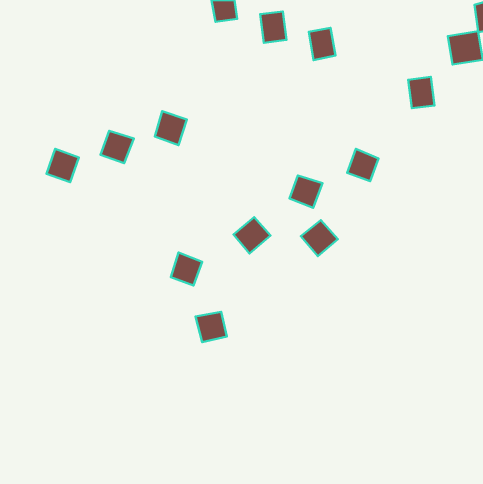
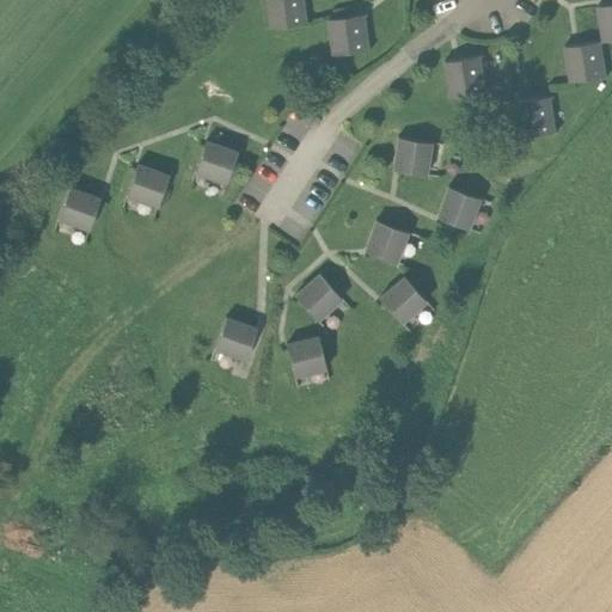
building: [309,28,335,60] -> [447,57,481,98]
building: none -> [396,140,432,175]
building: [196,312,227,342] -> [288,338,328,377]

